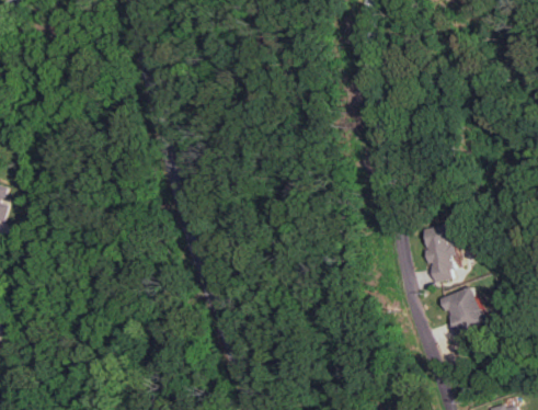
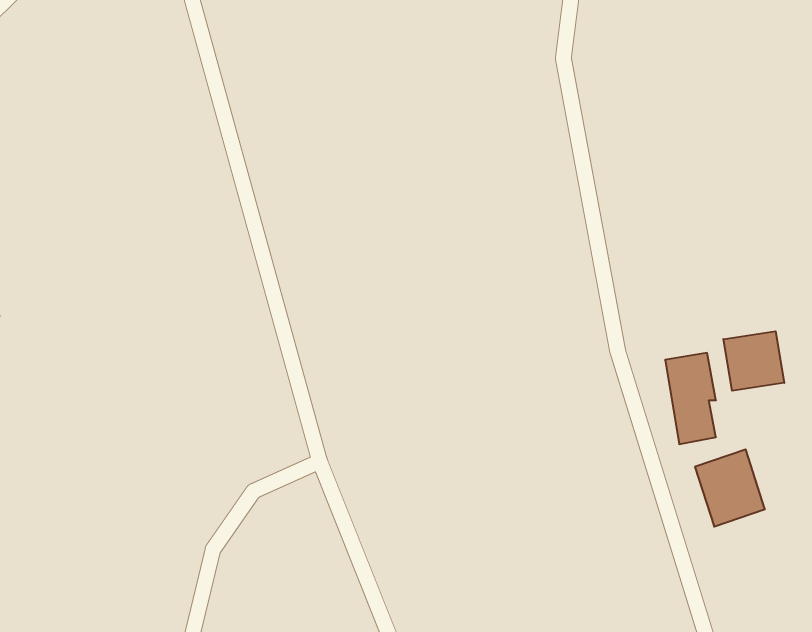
building: none -> [723,331,784,391]

